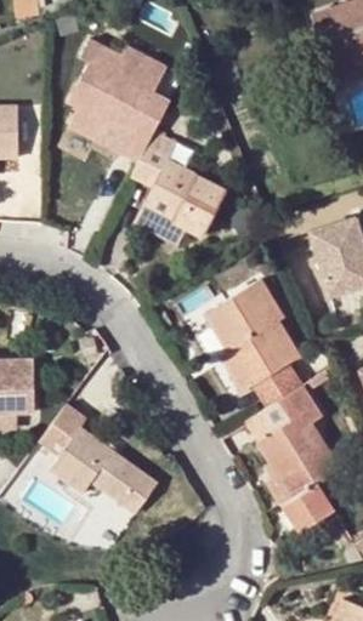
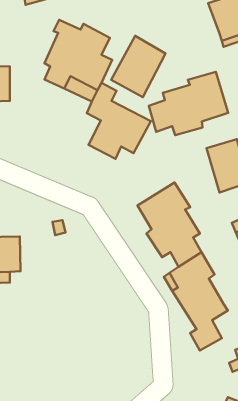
building: none -> [111,36,166,97]
building: none -> [149,72,228,135]
building: [40,405,157,514] -> none

